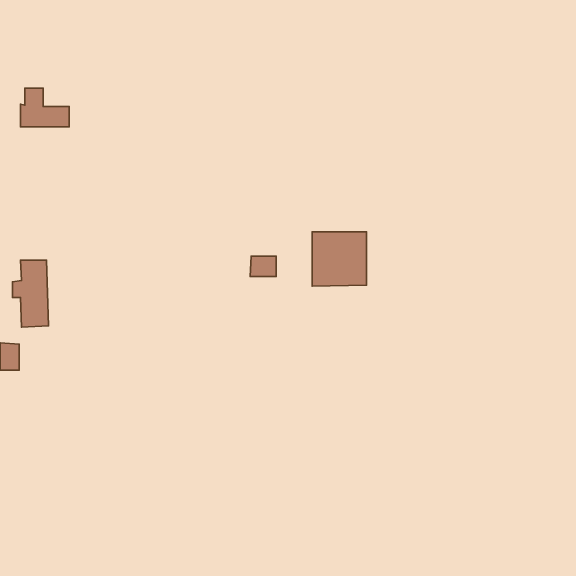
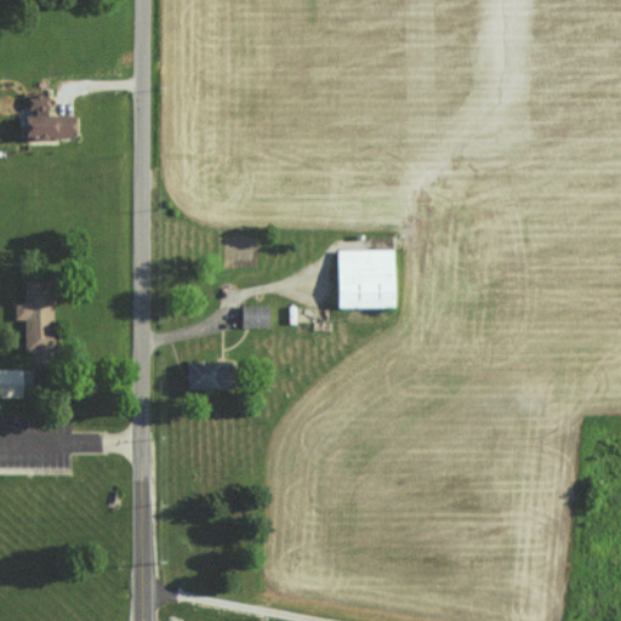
building: [250,256,276,277] -> [241,307,269,329]
building: none -> [187,364,232,391]

